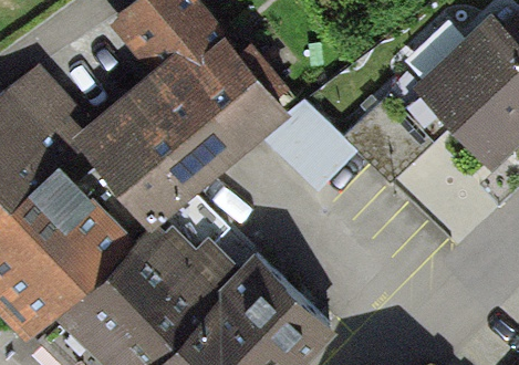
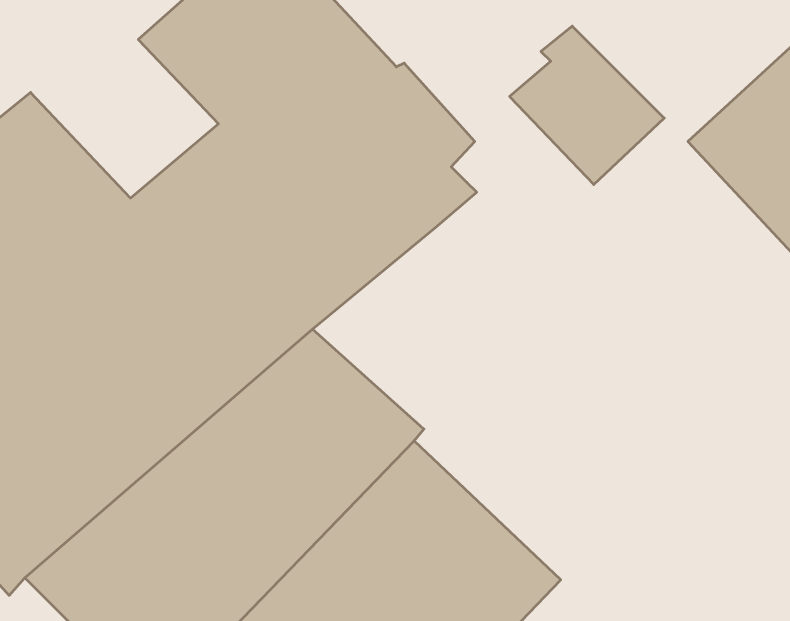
building: [269,98,356,188] -> [510,26,664,185]

